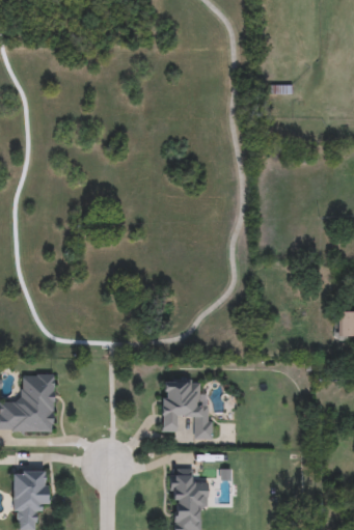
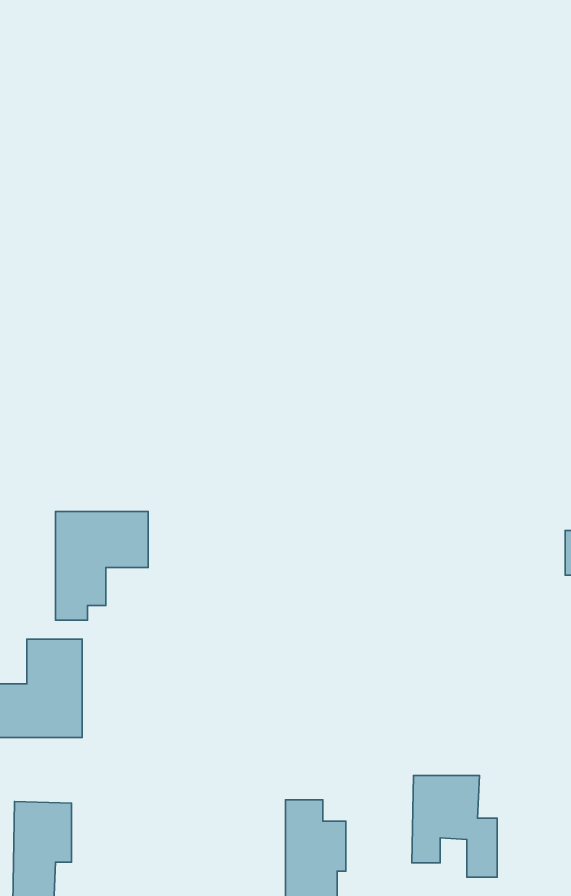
building: none -> [55,512,148,620]
building: [162,381,212,440] -> [412,775,497,877]

